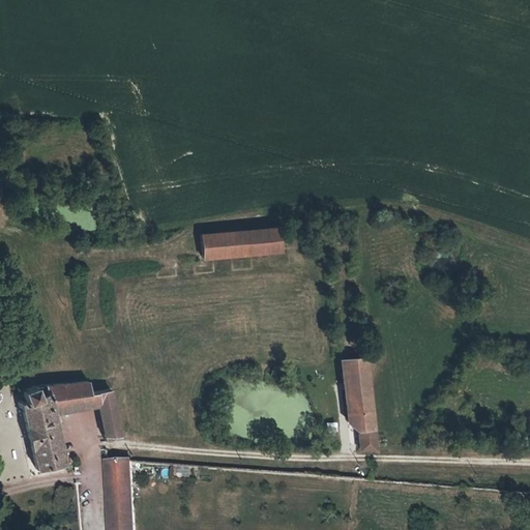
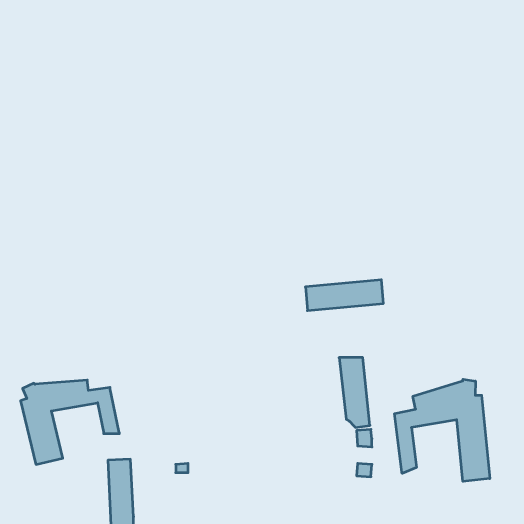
building: [202,228,281,259] -> [305,280,383,311]
building: none -> [395,379,490,481]

